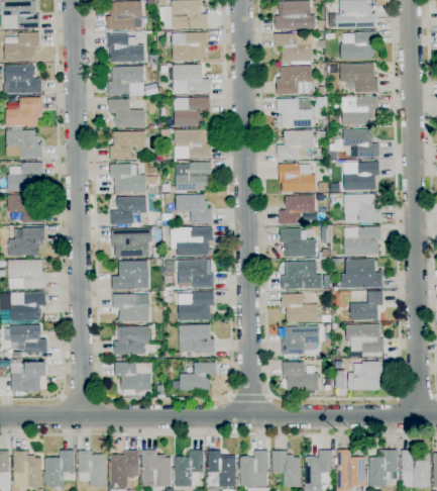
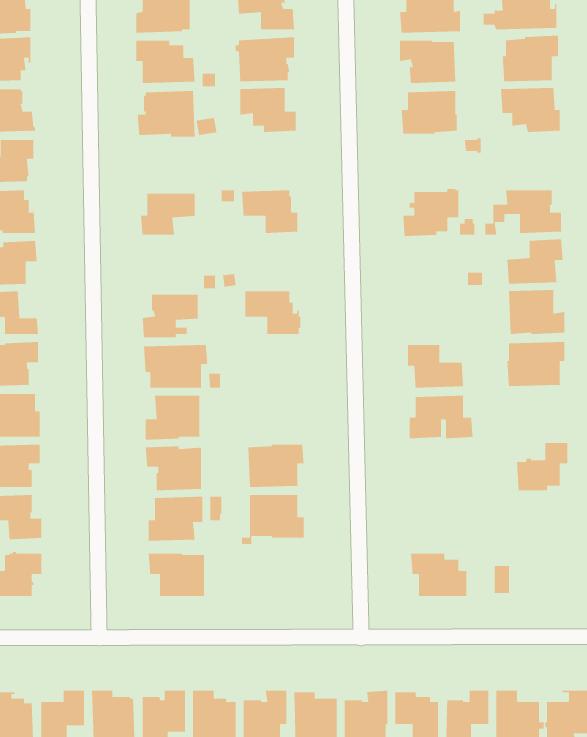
building: [341,96,378,125] -> none
building: [174,97,210,125] -> none
building: [108,98,144,126] -> none
building: [277,98,313,127] -> none
building: [175,162,211,191] -> none
building: [279,163,316,192] -> none
building: [110,164,146,192] -> none
building: [279,196,315,224] -> none
building: [171,226,213,256] -> none
building: [341,259,381,288] -> none
building: [177,260,213,287] -> none
building: [281,293,317,321] -> none
building: [346,324,384,352] -> none
building: [282,325,319,355] -> none
building: [347,358,384,390] -> none
building: [173,362,216,390] -> none

